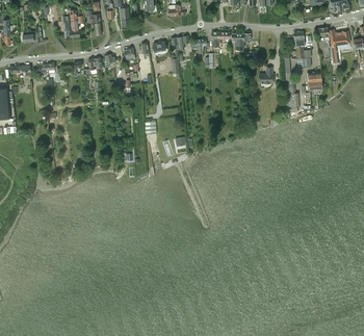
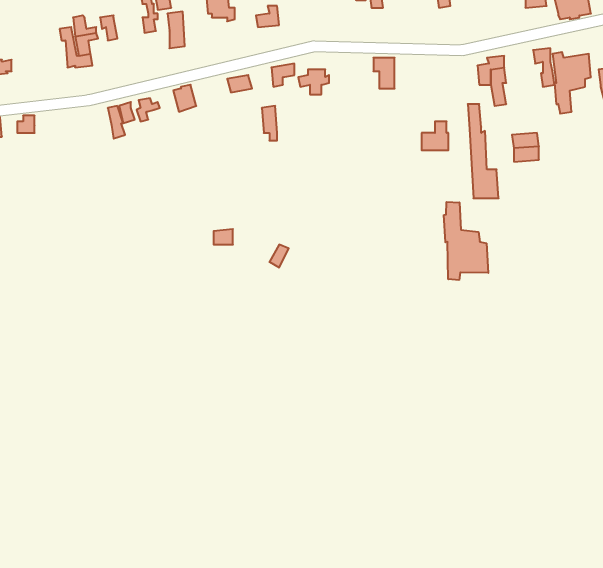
building: none -> [444,202,488,280]

